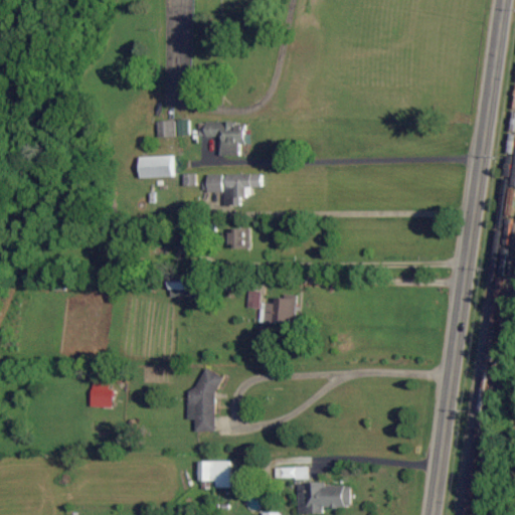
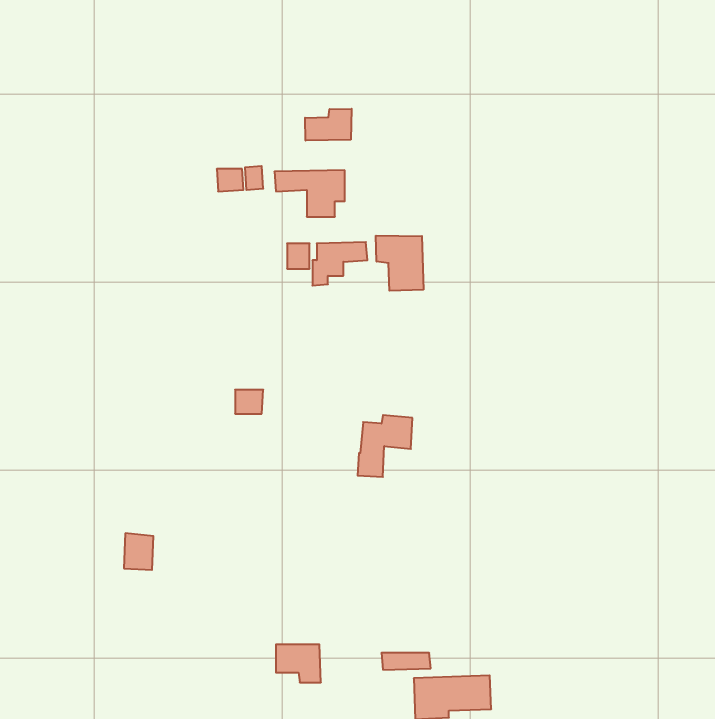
building: none -> [305,109,352,141]
building: [138,155,172,178] -> none
building: none -> [376,236,423,291]
building: [228,228,249,248] -> none
building: [185,372,215,432] -> none

